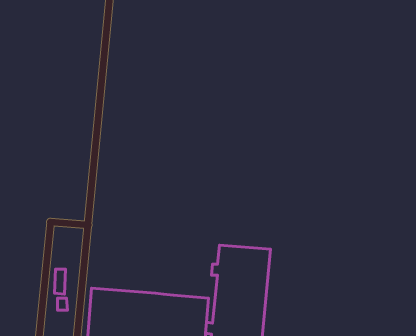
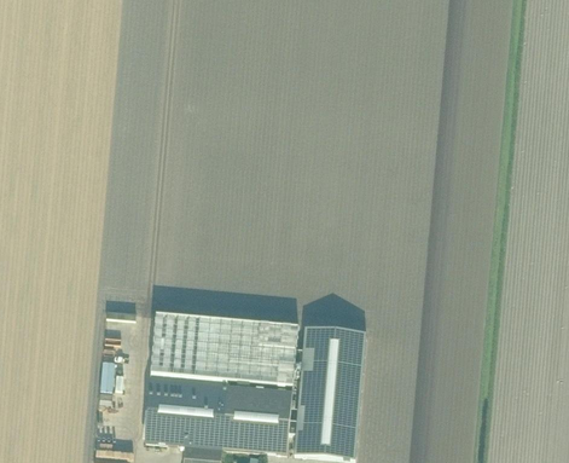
building: none -> [150,312,296,386]

